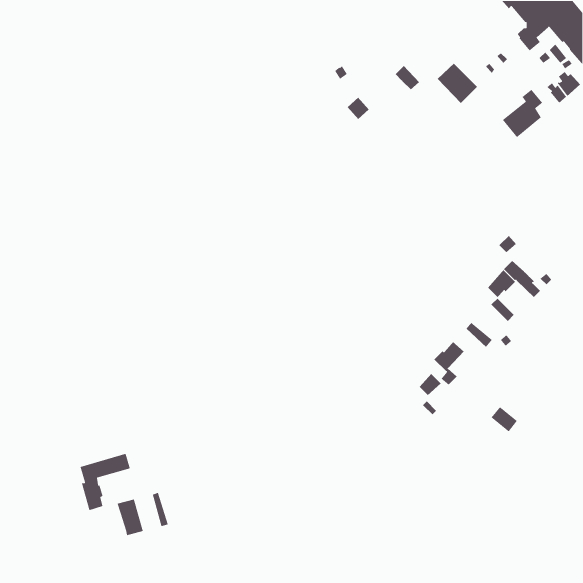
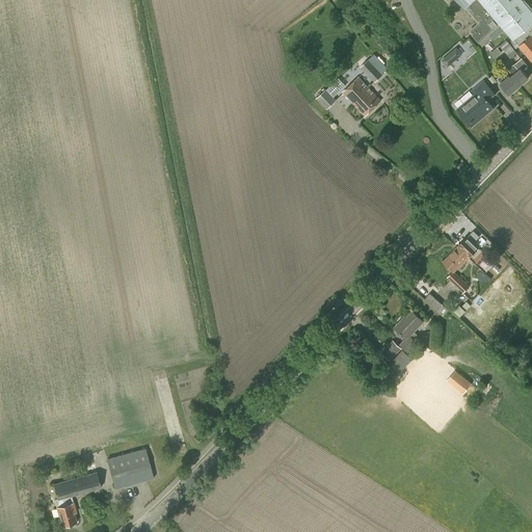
building: [437,63,478,104] -> [343,78,380,115]
building: [80,453,131,511] -> [54,473,101,526]

